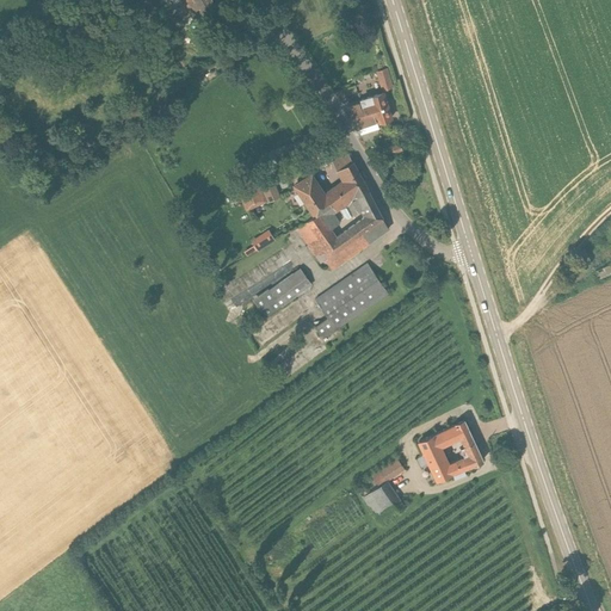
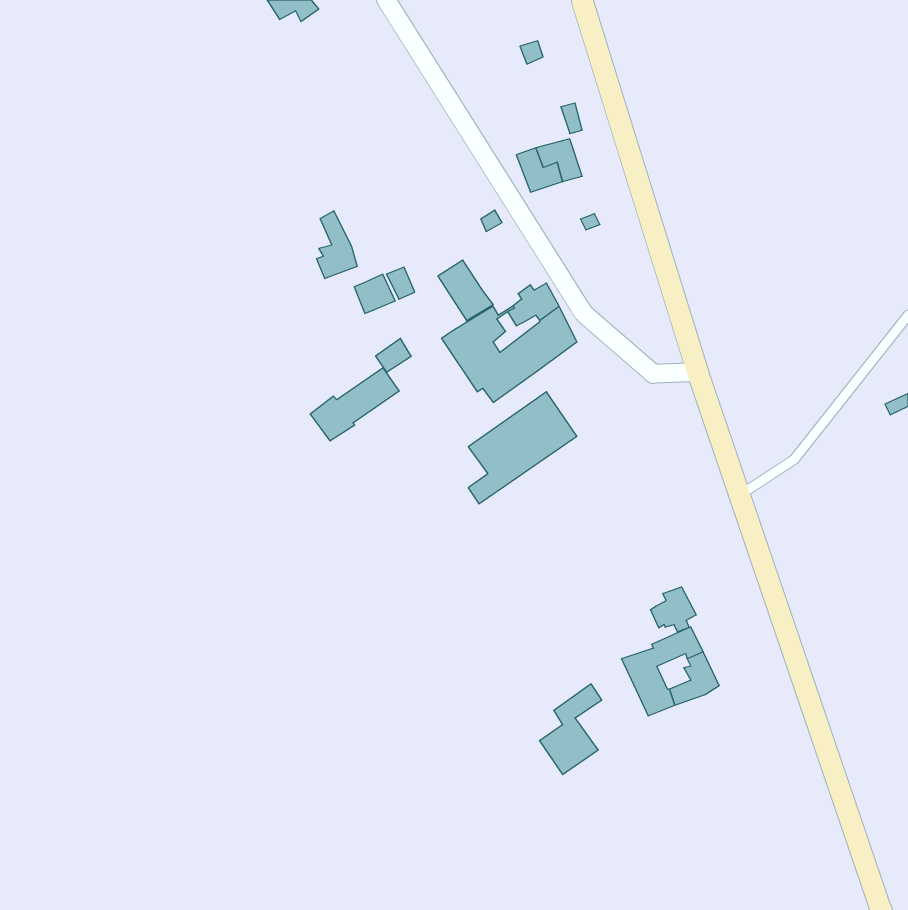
building: none -> [316,211,357,279]
building: [323,153,366,211] -> none
building: [251,269,310,317] -> [310,368,399,441]
building: none -> [650,587,696,632]

